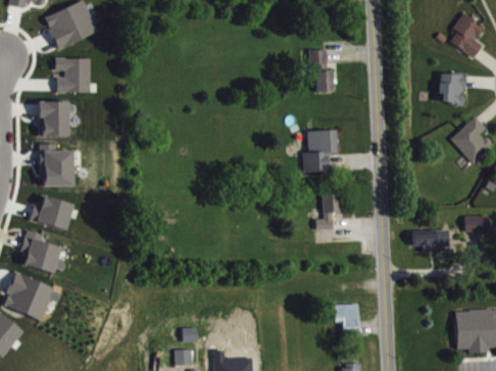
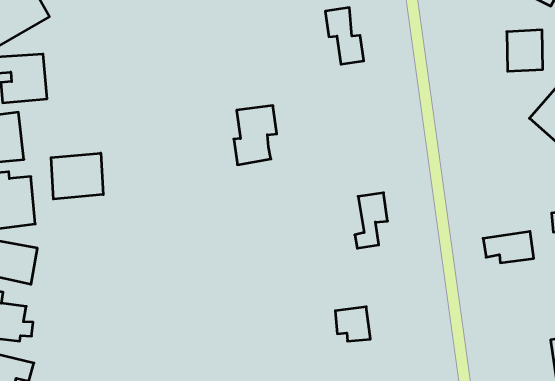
building: [301,127,334,169] -> [234,106,277,165]
building: none -> [51,153,103,199]
building: [333,300,357,325] -> [335,307,370,341]

